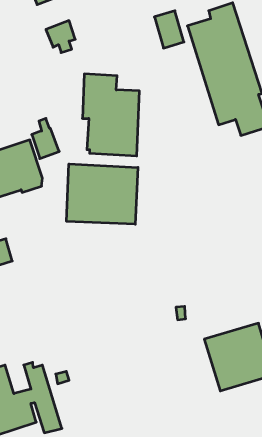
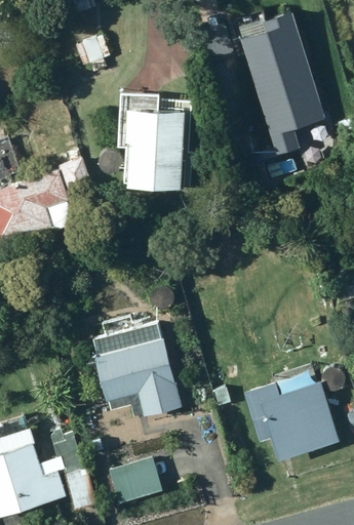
building: [67,164,138,224] -> none
building: none -> [94,323,182,415]
building: none -> [109,454,162,501]

